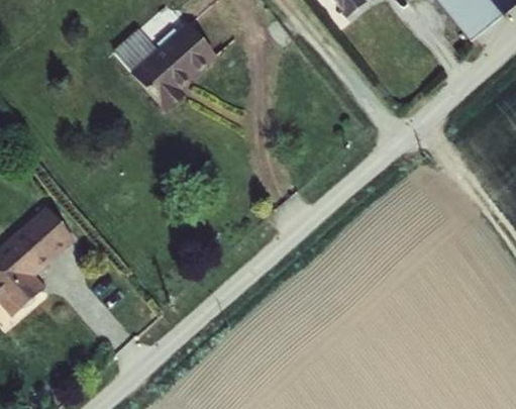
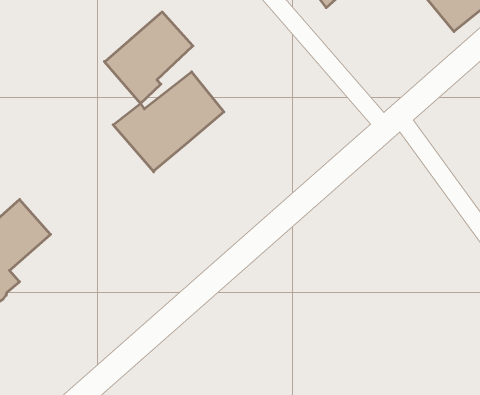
building: [113,26,156,70] -> none
building: none -> [113,72,224,172]

